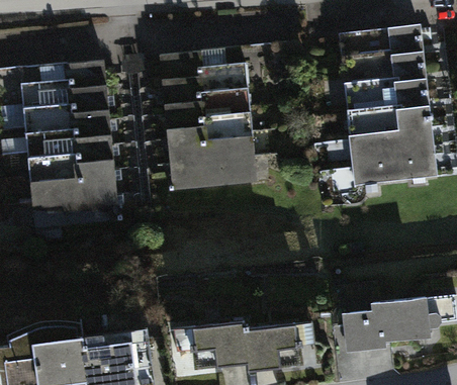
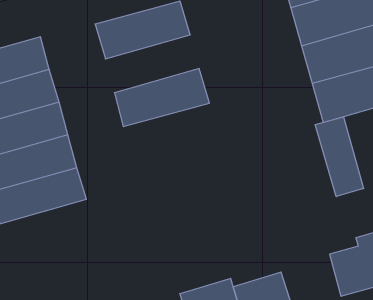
building: [162,84,249,126] -> none
building: [168,152,256,194] -> none
building: none -> [315,117,364,197]

